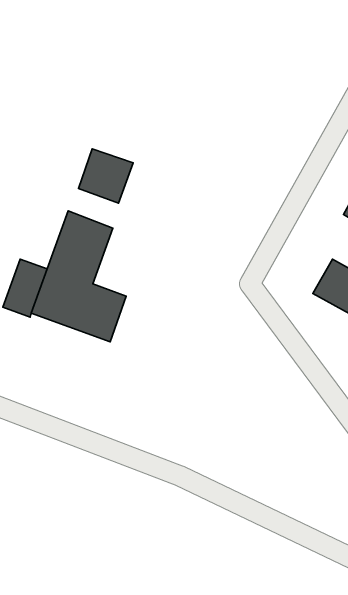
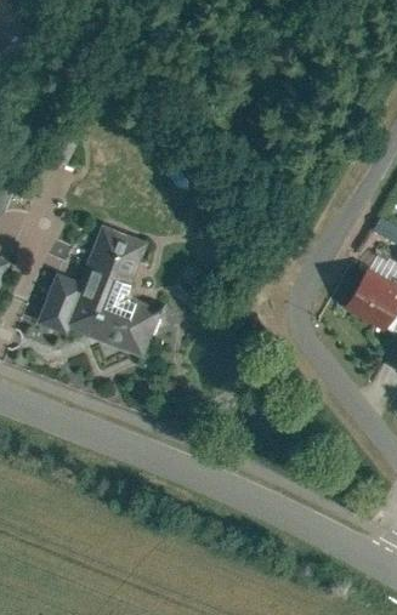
building: [79,149,133,203] -> none

